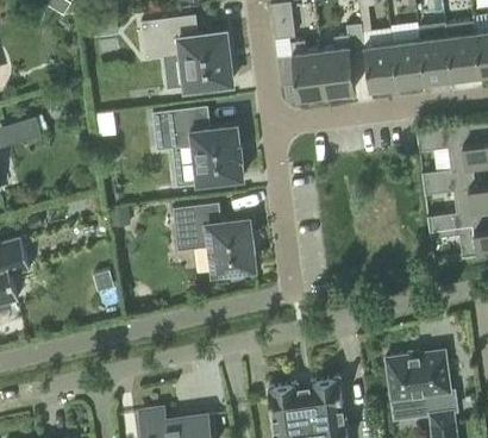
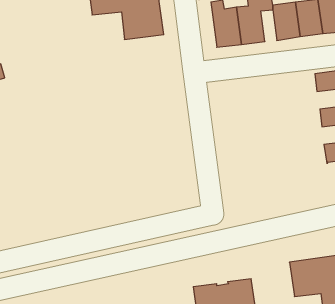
building: [152,106,244,183] -> none
building: [173,204,255,279] -> none

